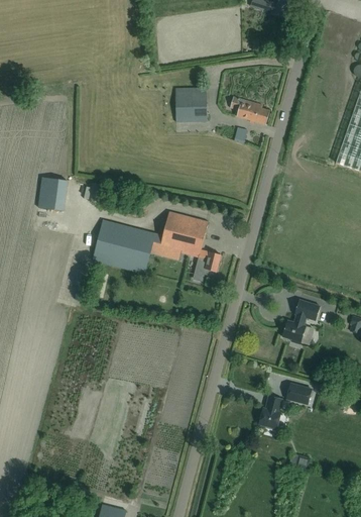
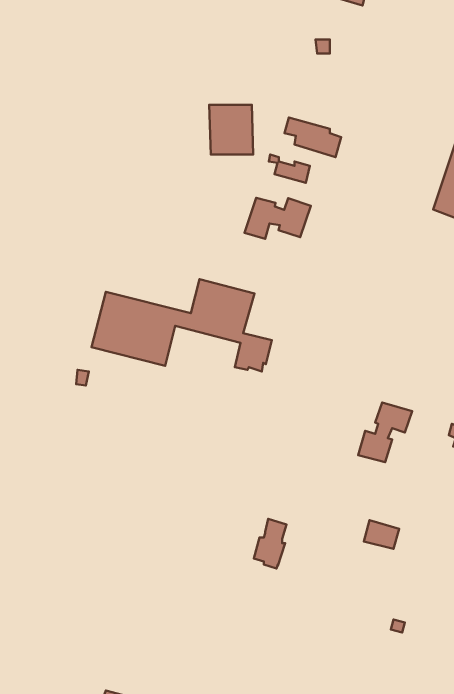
building: none -> [245,198,311,239]
building: [38,178,69,212] -> none
building: [259,396,282,431] -> [254,519,286,569]

